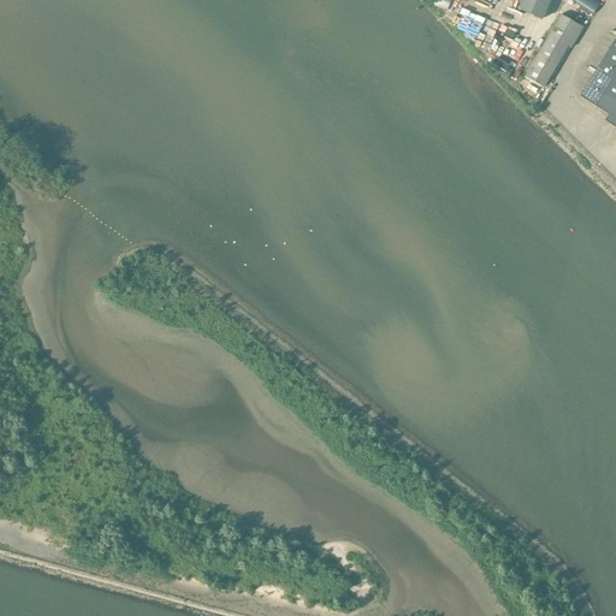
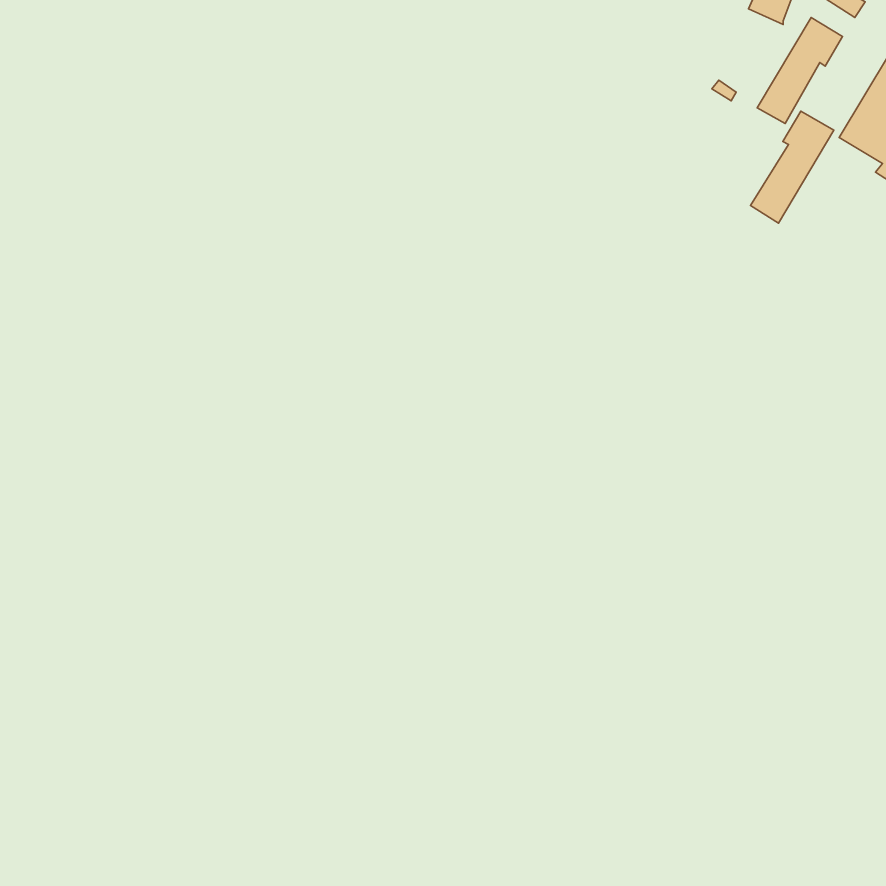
building: none -> [750,111,834,223]

